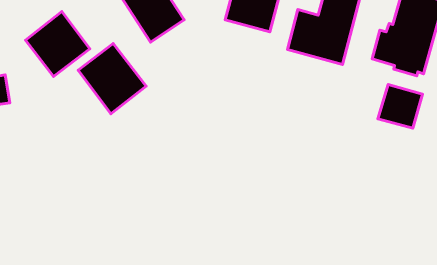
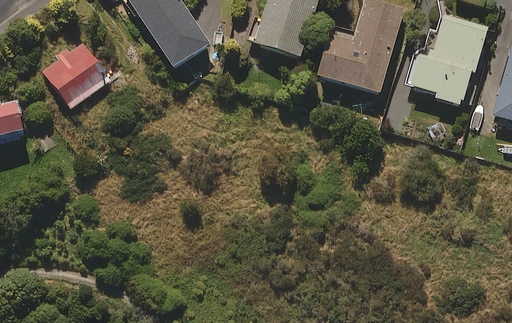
building: [78,43,146,114] -> none
building: [378,84,422,128] -> none

